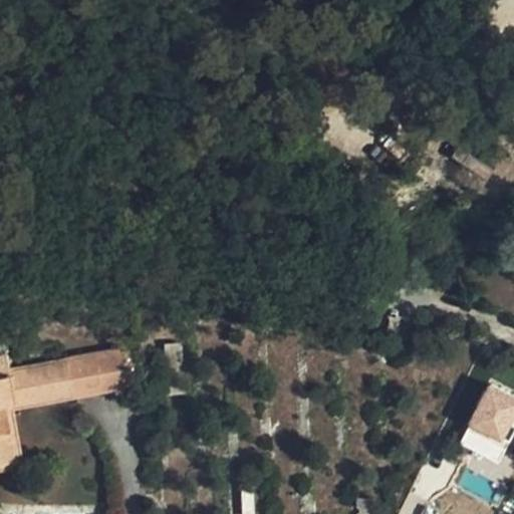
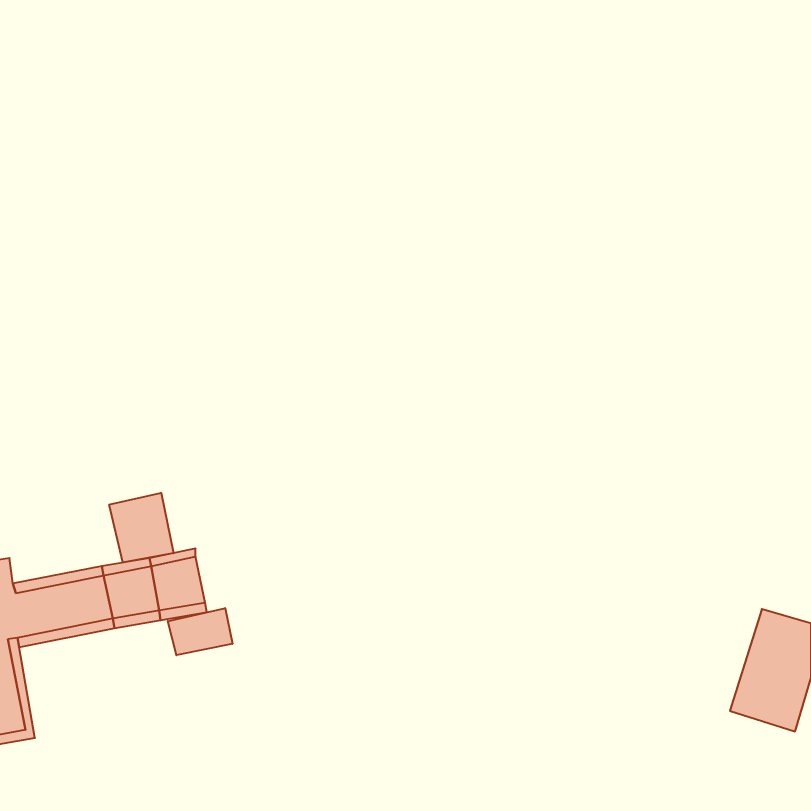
building: none -> [109,493,174,562]
building: none -> [168,608,232,655]

